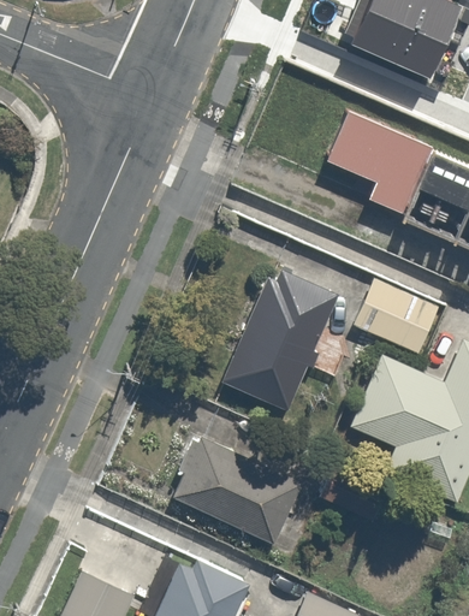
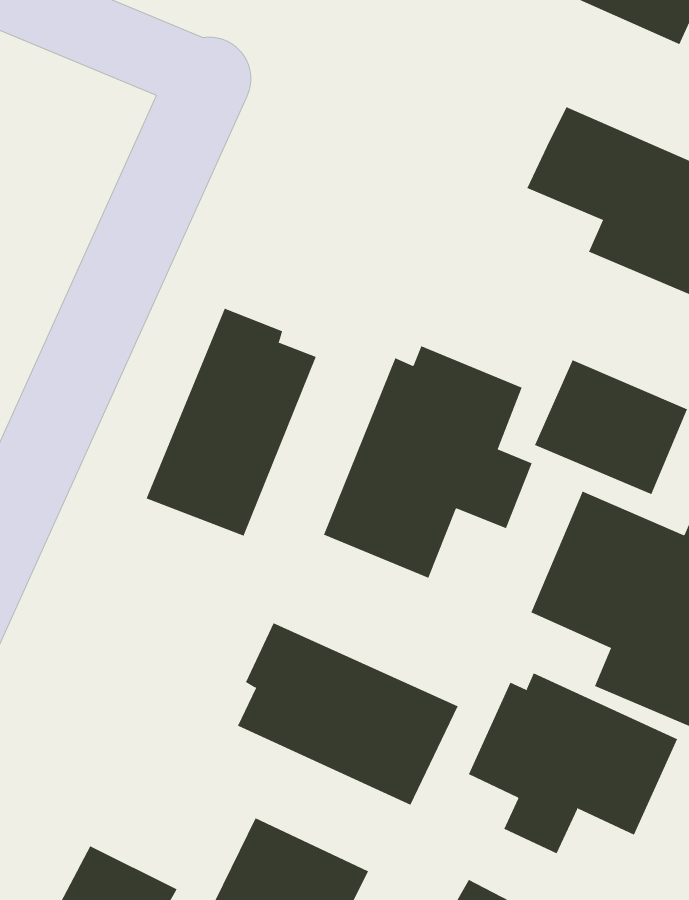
building: none -> [146,308,316,536]
building: none -> [468,672,678,854]

